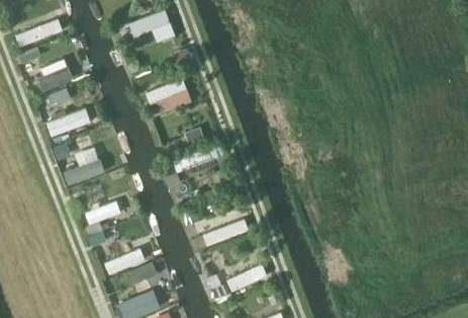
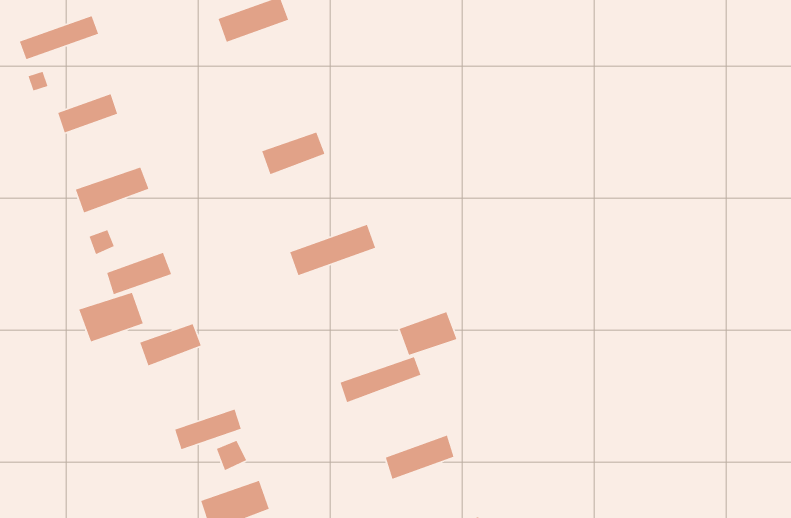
building: none -> [78,292,144,343]
building: none -> [399,311,458,356]

